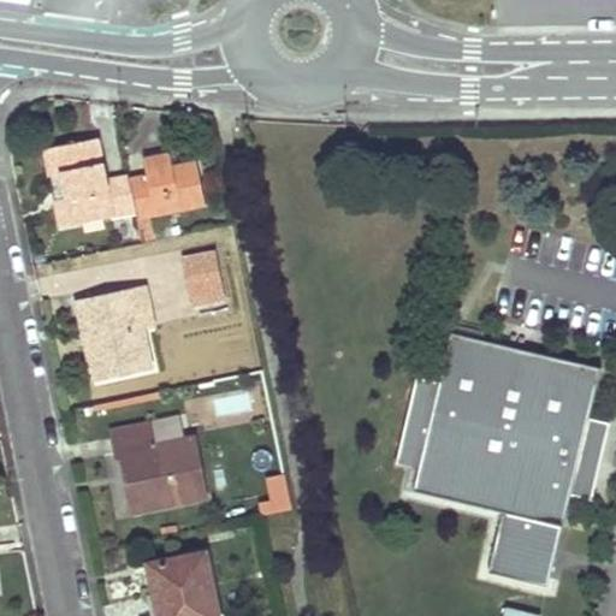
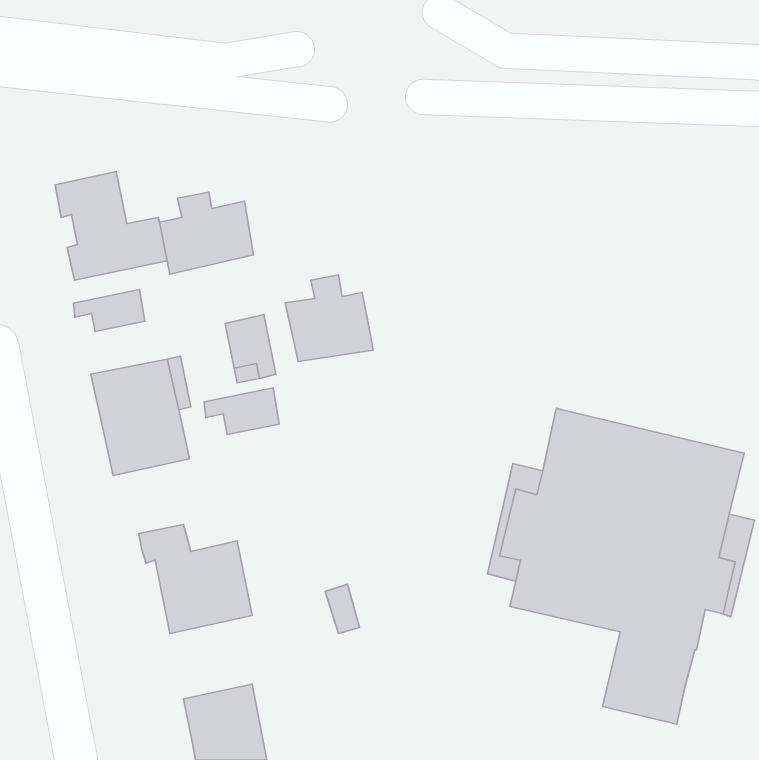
building: none -> [285,275,373,362]
building: none -> [73,289,145,332]
building: none -> [204,388,279,435]

